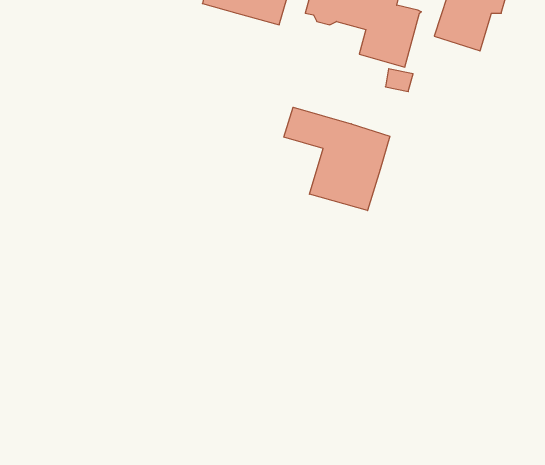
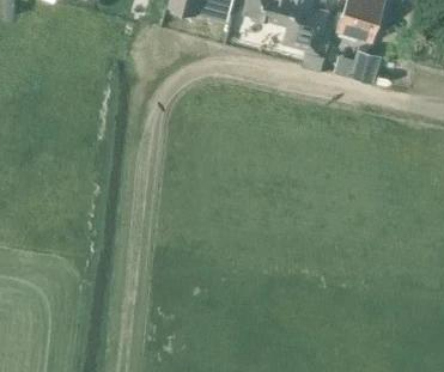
building: none -> [334,50,381,84]
building: [284,107,390,211] -> none

